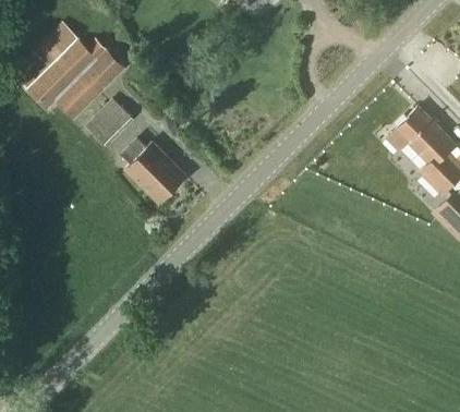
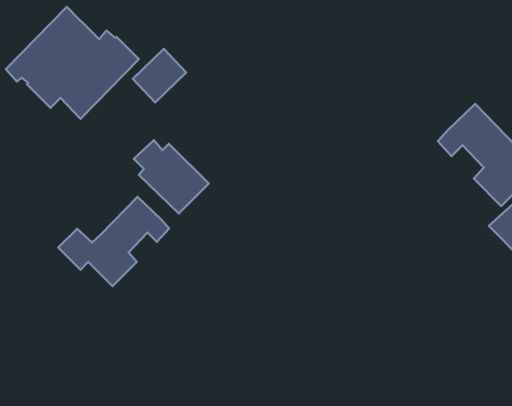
building: [89,99,136,146] -> [133,49,186,103]
building: none -> [58,197,169,286]

